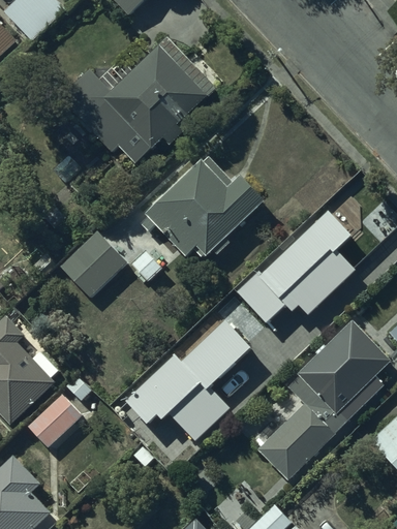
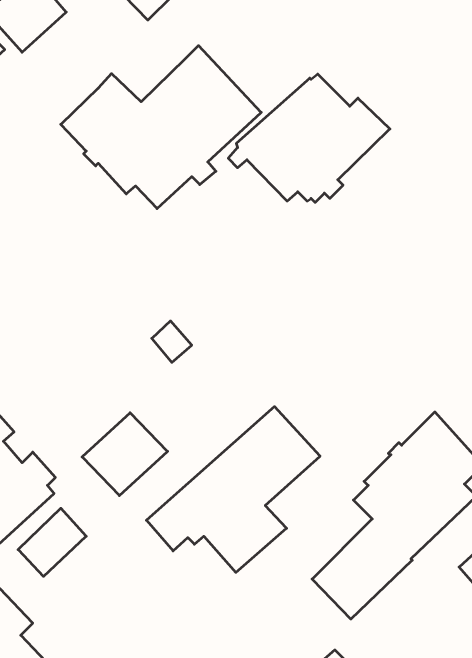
building: [140,158,265,257] -> [228,74,390,202]
building: [242,214,356,321] -> none
building: [60,232,126,297] -> [82,413,168,496]

